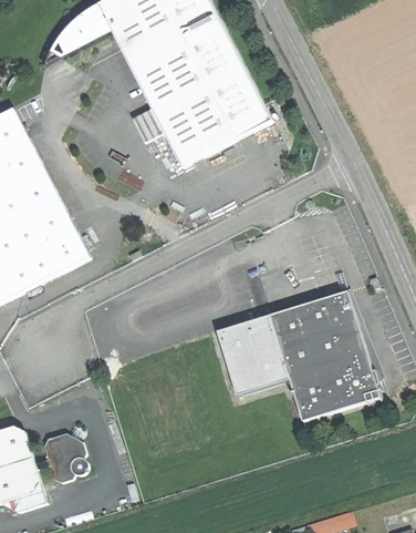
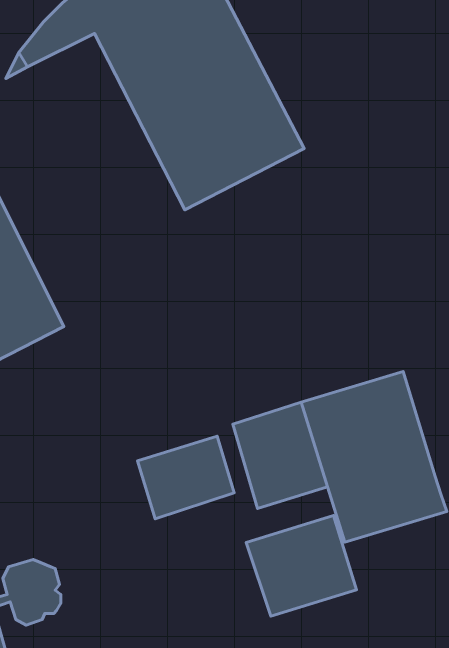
building: none -> [137,436,234,519]
building: none -> [246,515,357,616]

